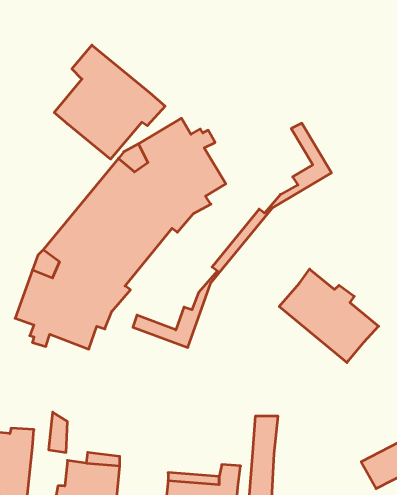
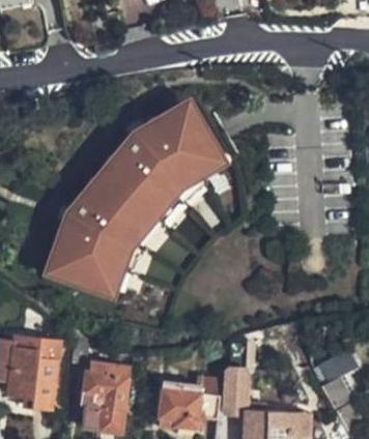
building: [54,45,165,159] -> none
building: [133,123,331,347] -> [70,125,224,298]
building: [279,269,379,363] -> none

